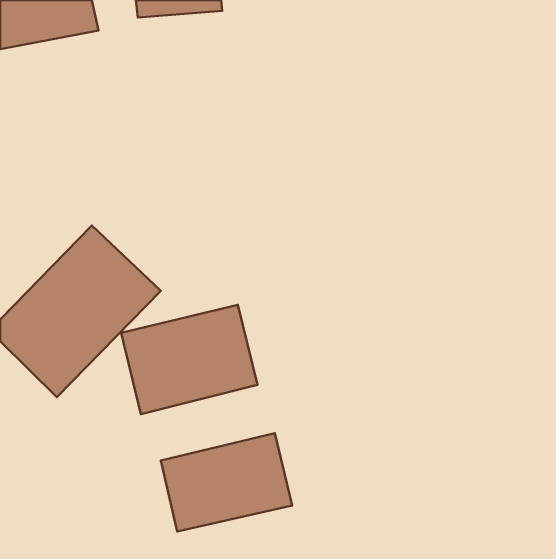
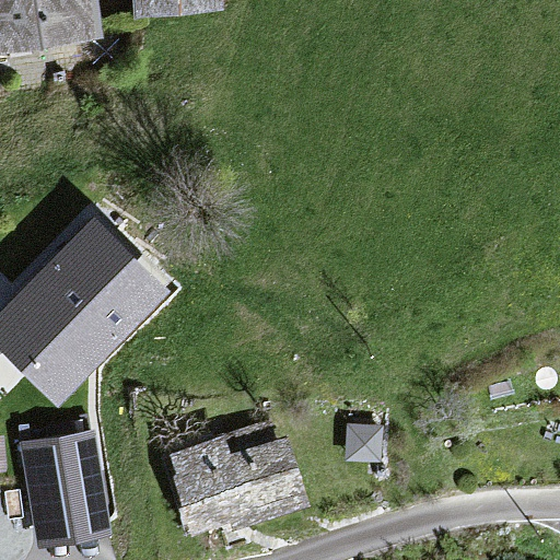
building: [121,305,258,414] -> none
building: none -> [30,435,110,539]

